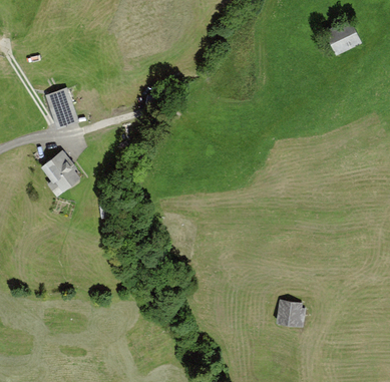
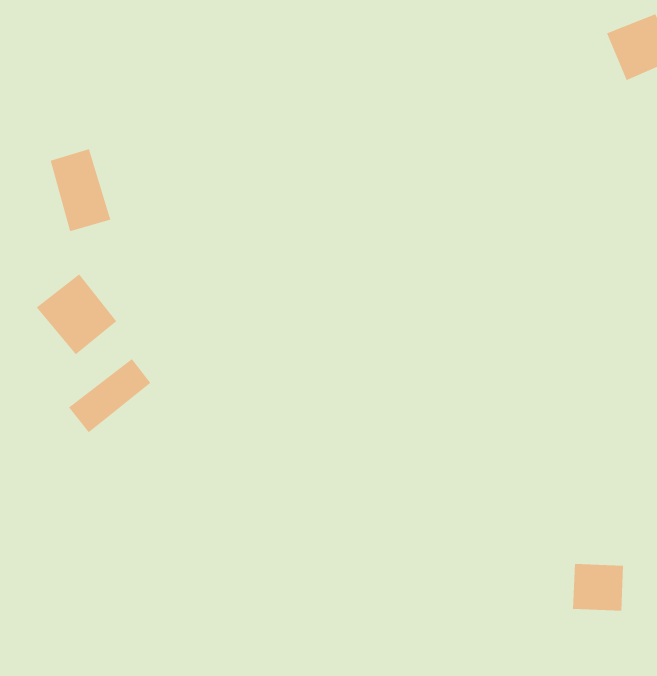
building: none -> [68,358,151,433]
building: [278,301,304,325] -> [572,564,624,611]

